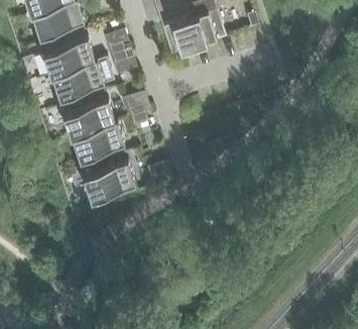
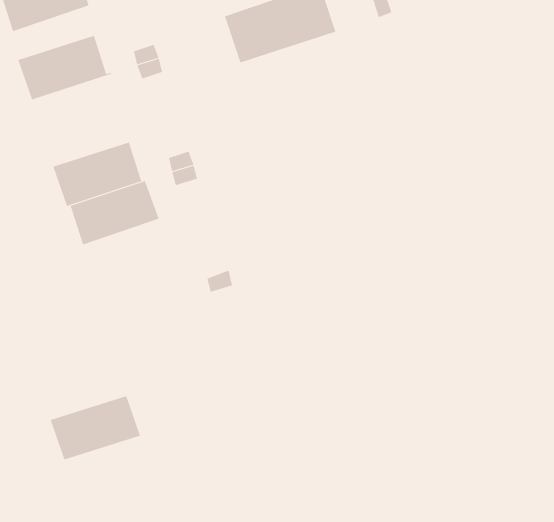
building: [50,58,113,98] -> none
building: [83,161,135,199] -> [50,395,141,460]

